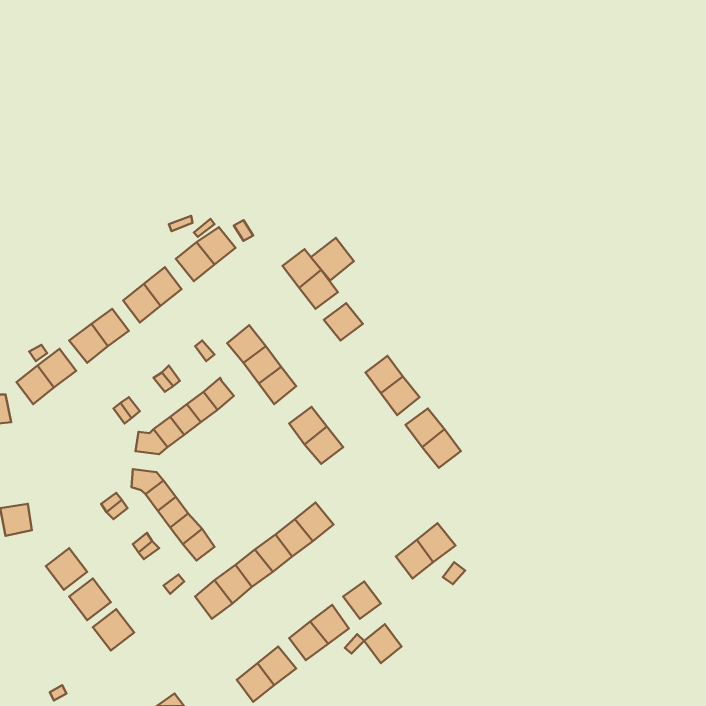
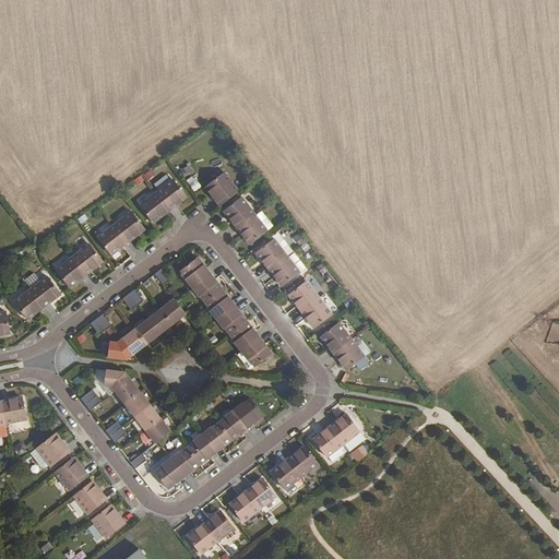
building: [311,238,354,281] -> [204,171,238,205]
building: none -> [269,255,299,285]
building: none -> [216,305,246,334]
building: [364,624,401,663] -> [287,445,317,476]
building: none -> [91,504,124,537]

